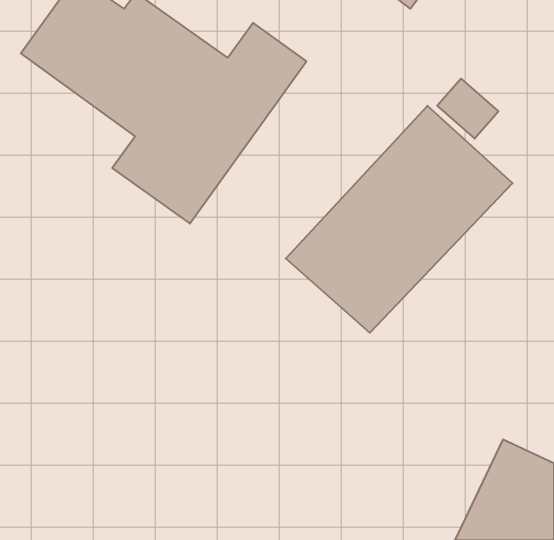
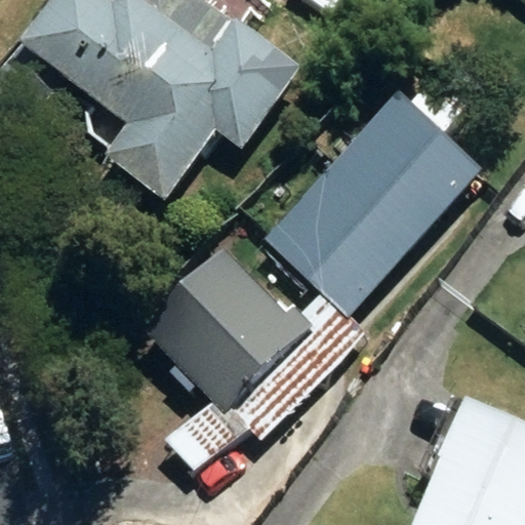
building: none -> [148,255,315,415]

